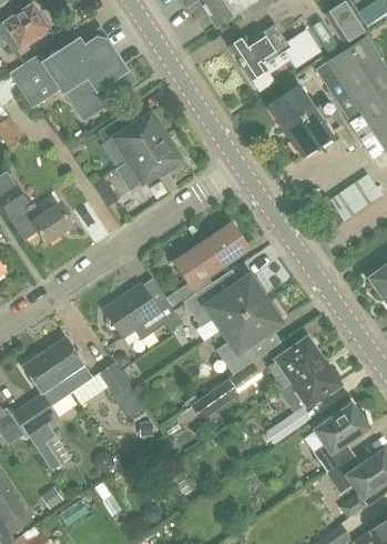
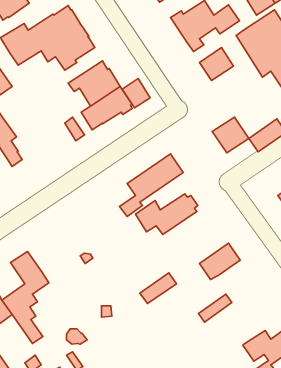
building: [284,109,332,155] -> [212,117,249,153]
building: none -> [122,78,150,108]
building: [31,203,72,244] -> none
building: [103,284,181,340] -> none
building: [217,299,283,373] -> none
building: [44,336,93,392] -> none
building: [98,362,146,419] -> none
building: [293,362,337,404] -> none
building: [313,404,368,472] -> none

